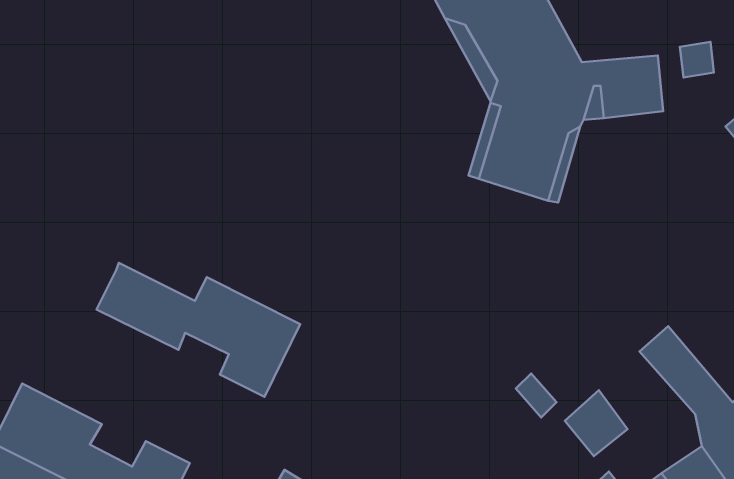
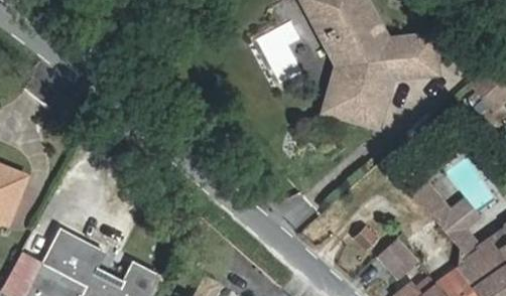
building: [96,263,300,397] -> none

